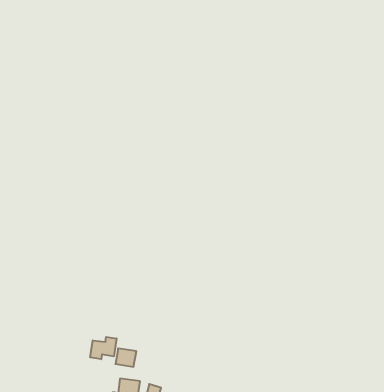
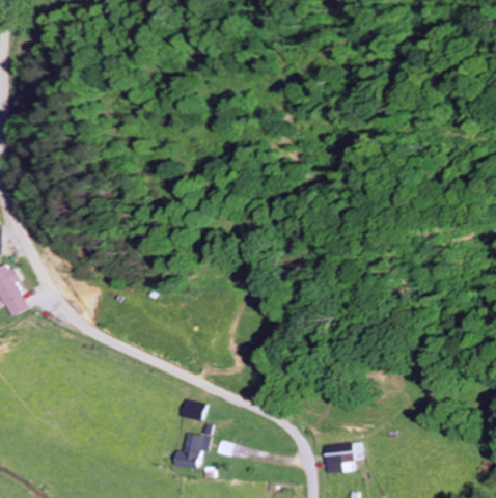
building: [90,337,117,359] -> none

